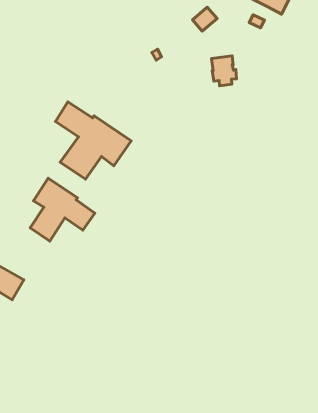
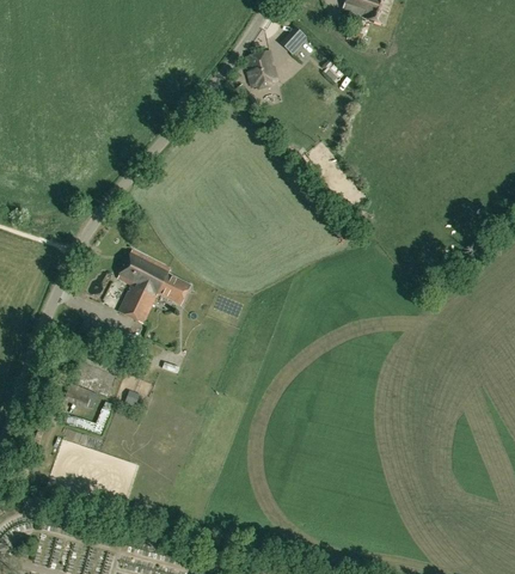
building: [212,56,237,86] -> [244,51,276,88]
building: [56,102,131,179] -> none

